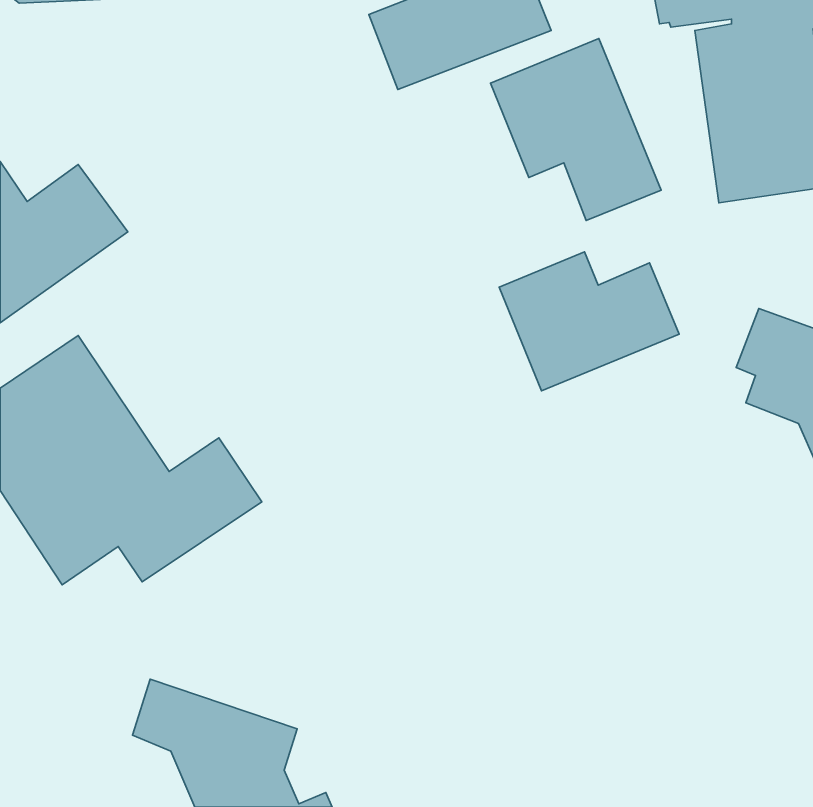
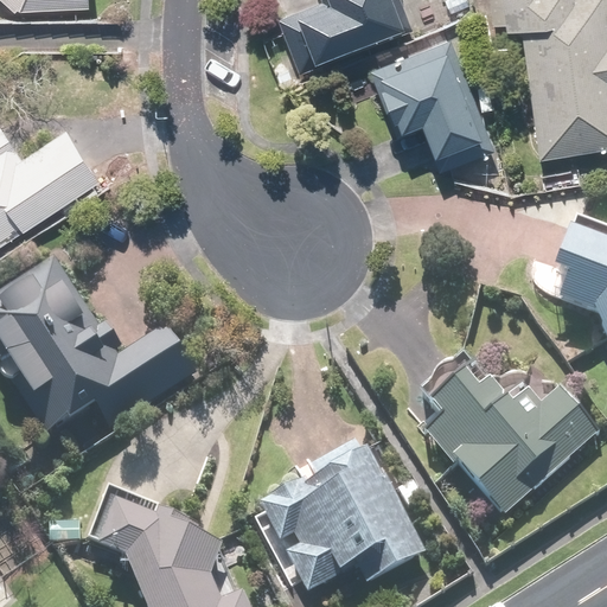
building: [499,252,679,391] -> none
building: none -> [423,372,598,515]
building: none -> [257,437,426,592]

